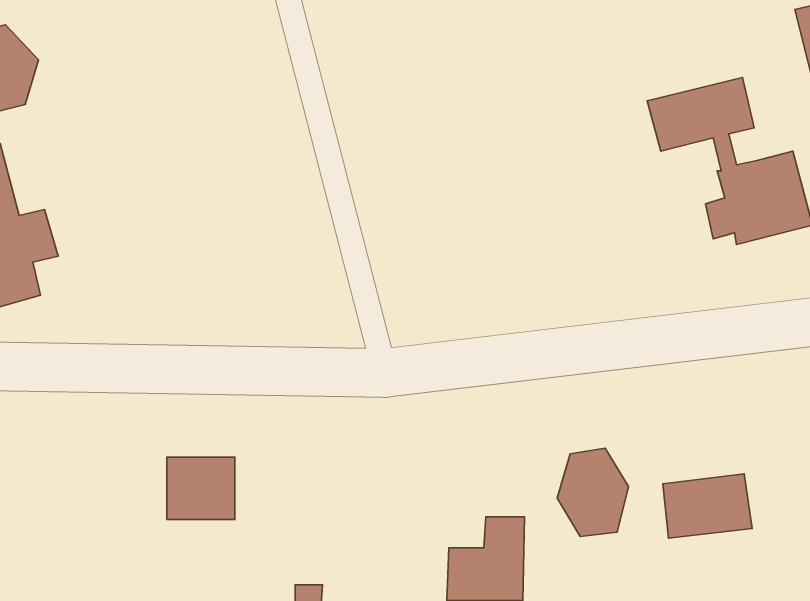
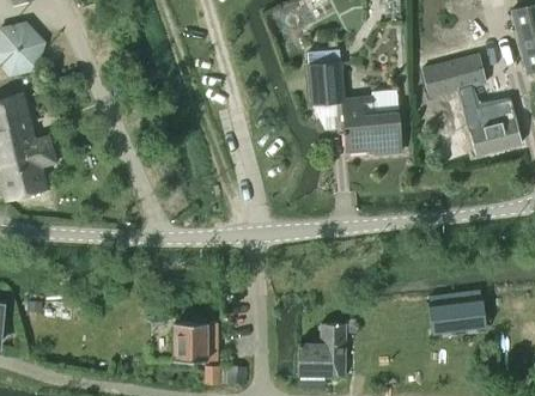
building: none -> [308,63,400,153]
building: [557,448,628,536] -> none
building: [167,457,235,520] -> [175,322,217,360]

